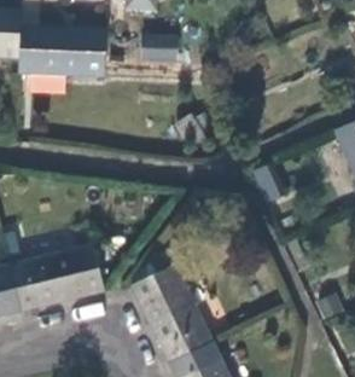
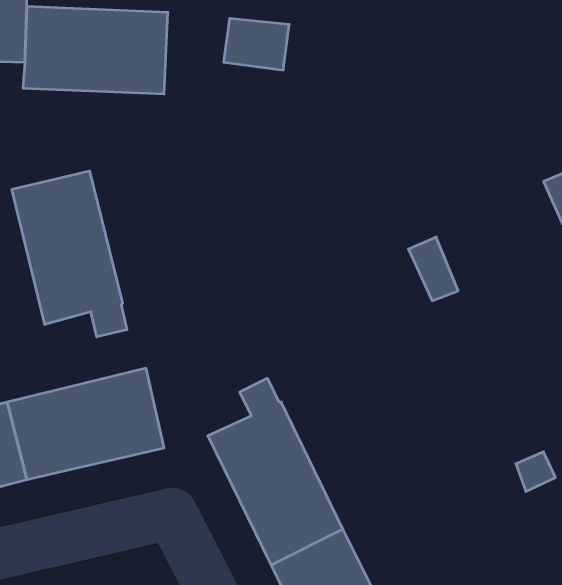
building: none -> [12,171,127,337]

